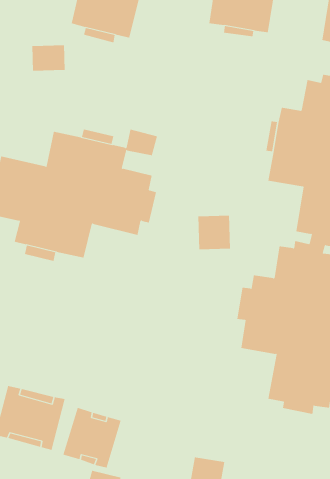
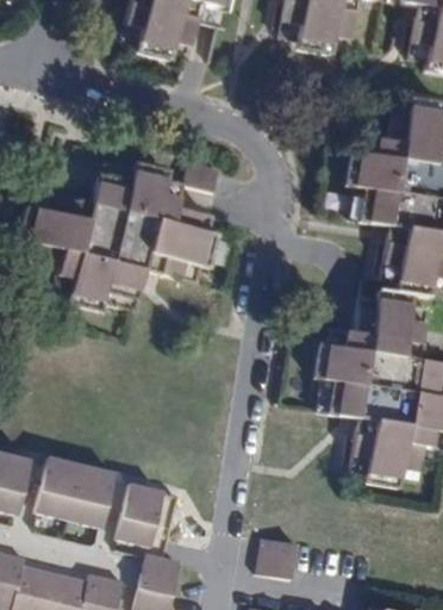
building: [32,44,65,72] -> none
building: [198,215,230,250] -> none

